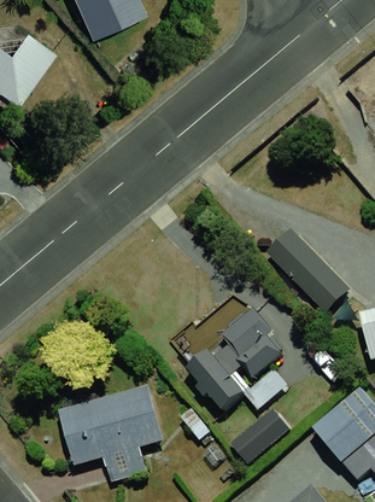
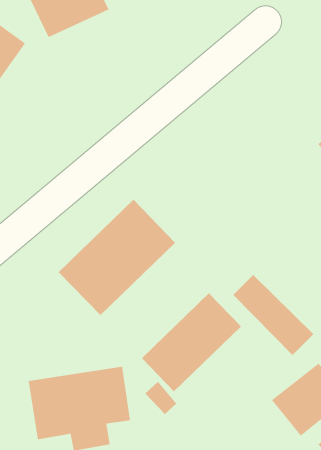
building: none -> [58,199,176,316]
building: [268,224,355,311] -> [233,274,314,356]
building: [227,405,287,461] -> none

